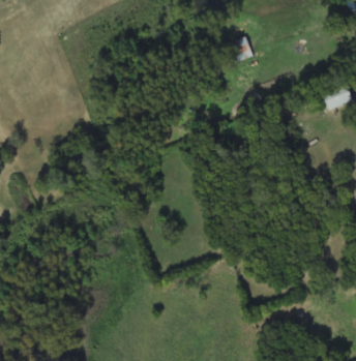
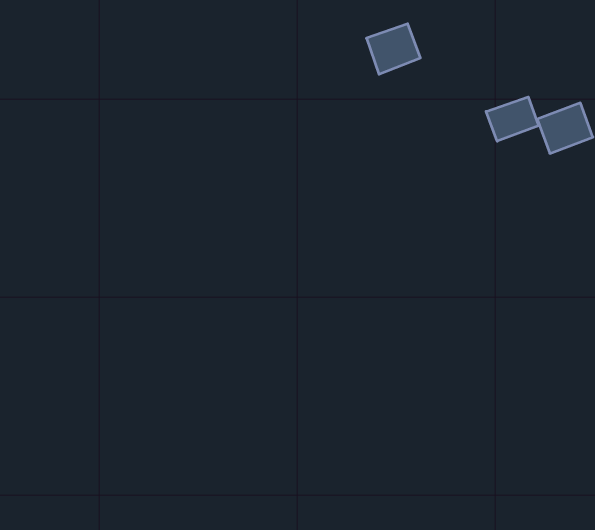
building: none -> [486,97,538,141]

